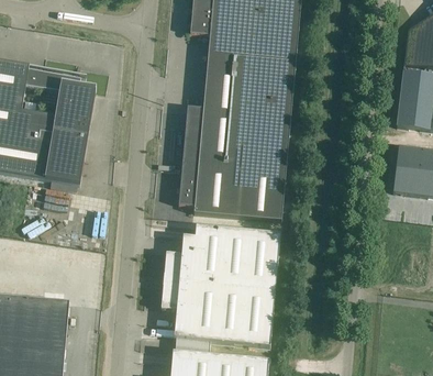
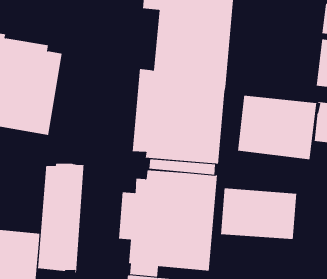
building: none -> [237,95,317,160]
building: none -> [38,161,84,274]
building: none -> [220,187,297,240]

